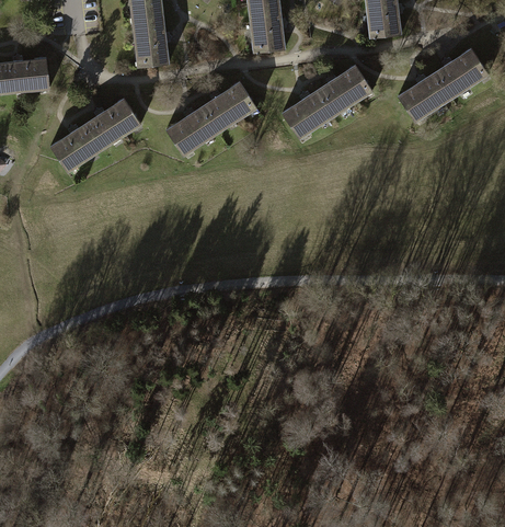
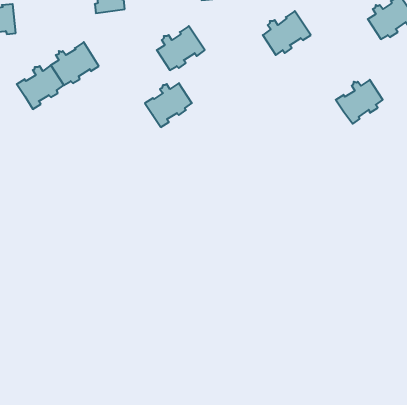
building: [398,73,449,122] -> [336,80,383,124]
building: [283,91,334,139] -> none
building: [167,107,218,156] -> [145,83,192,127]

